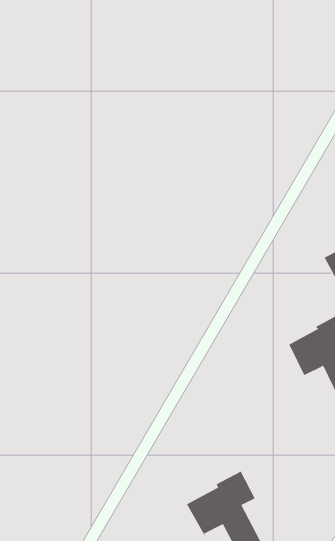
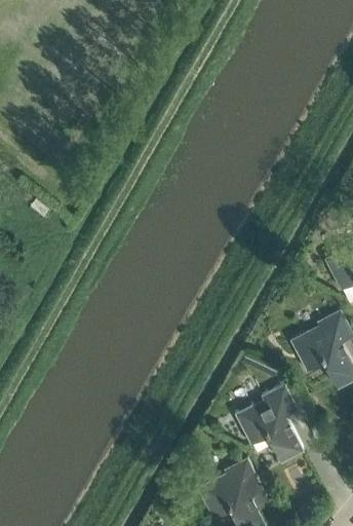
building: none -> [236,385,305,462]

